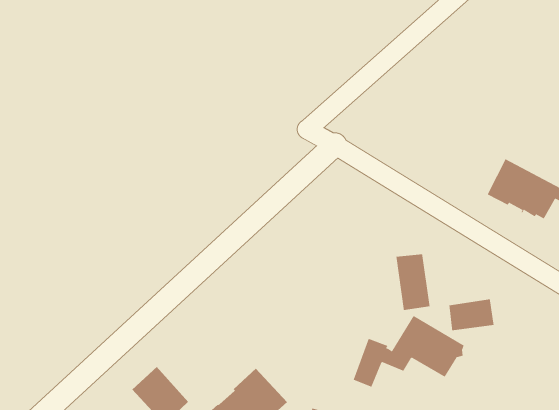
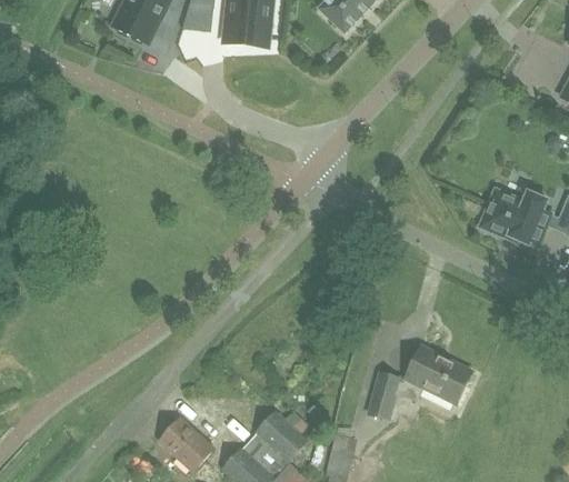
building: [396,253,430,311] -> none
building: [449,299,494,331] -> none

